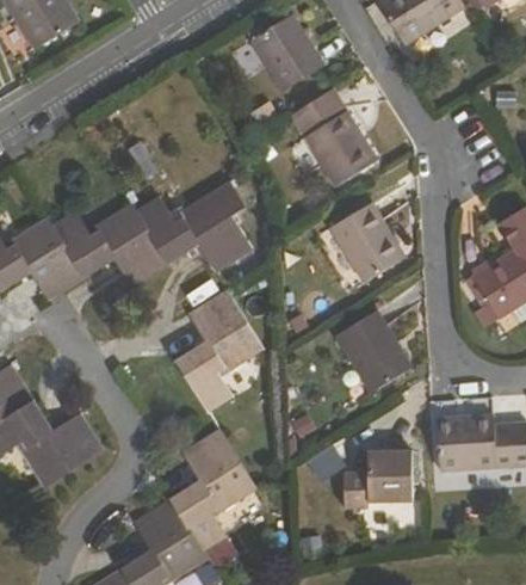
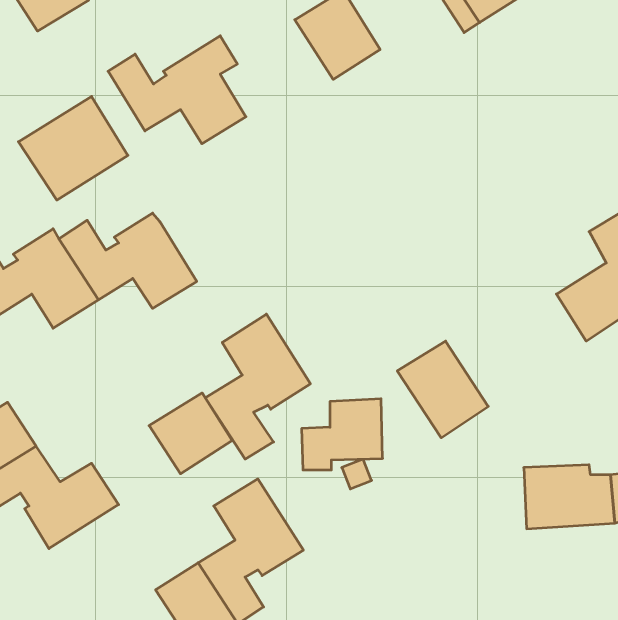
building: [291,90,379,187] -> none
building: none -> [18,96,128,200]
building: [137,181,253,272] -> [108,36,246,144]
building: [329,203,406,282] -> none
building: none -> [149,393,232,474]
building: [346,448,414,507] -> [302,399,383,470]

